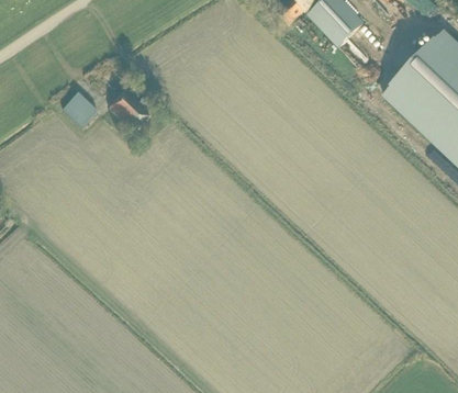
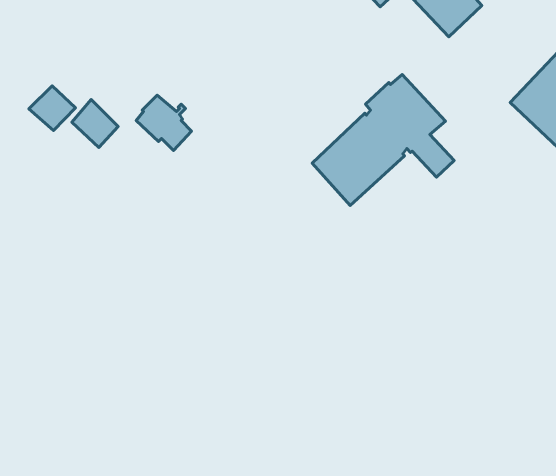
building: none -> [312,75,454,206]
building: none -> [29,86,76,131]

